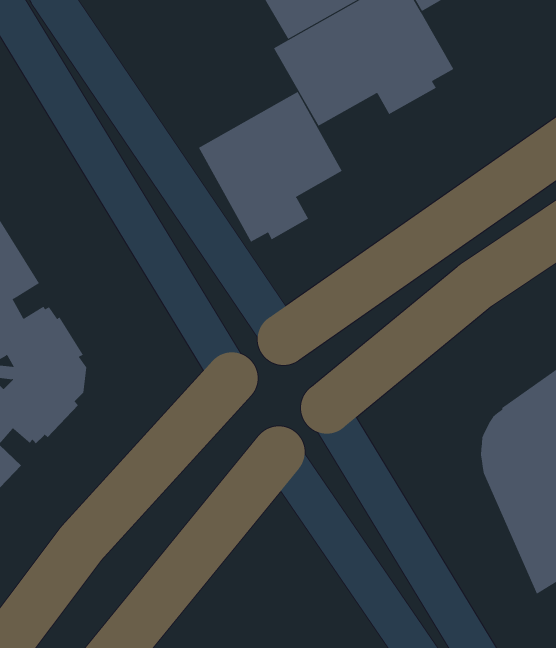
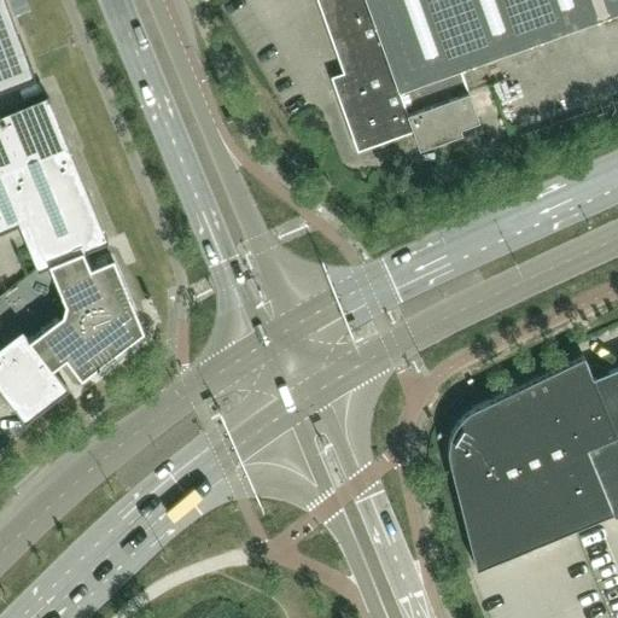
building: [198,91,342,243] -> none

